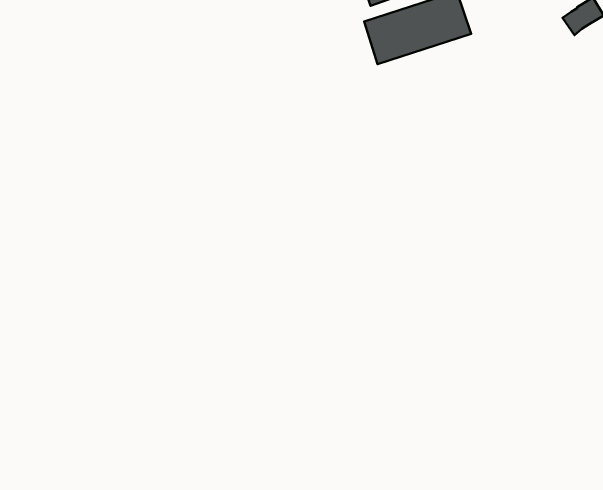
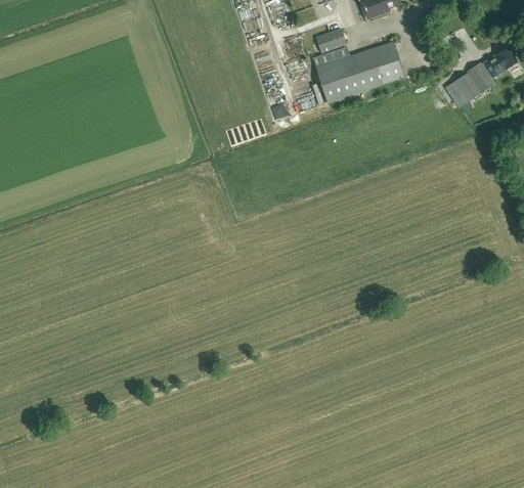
building: none -> [444,61,494,107]

